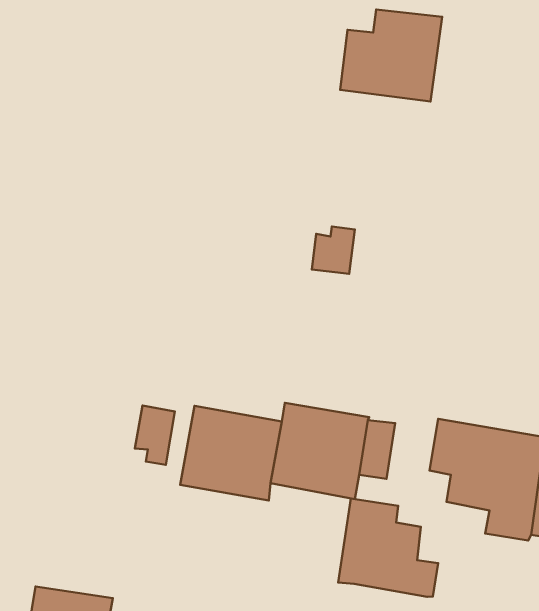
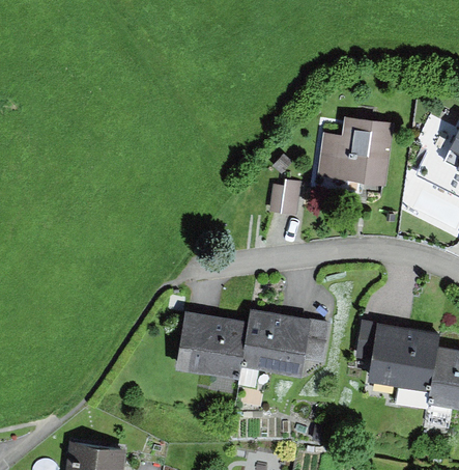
building: [340,10,442,101] -> [319,118,393,185]
building: [135,406,175,465] -> none
building: [338,498,438,597] -> none

